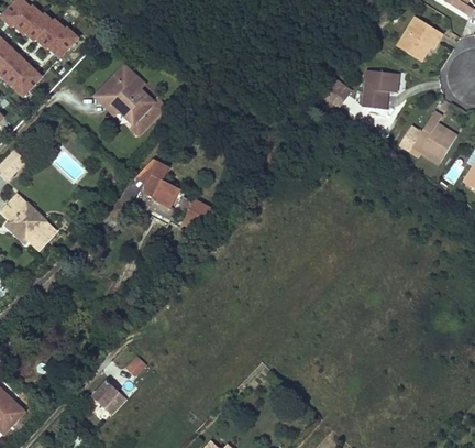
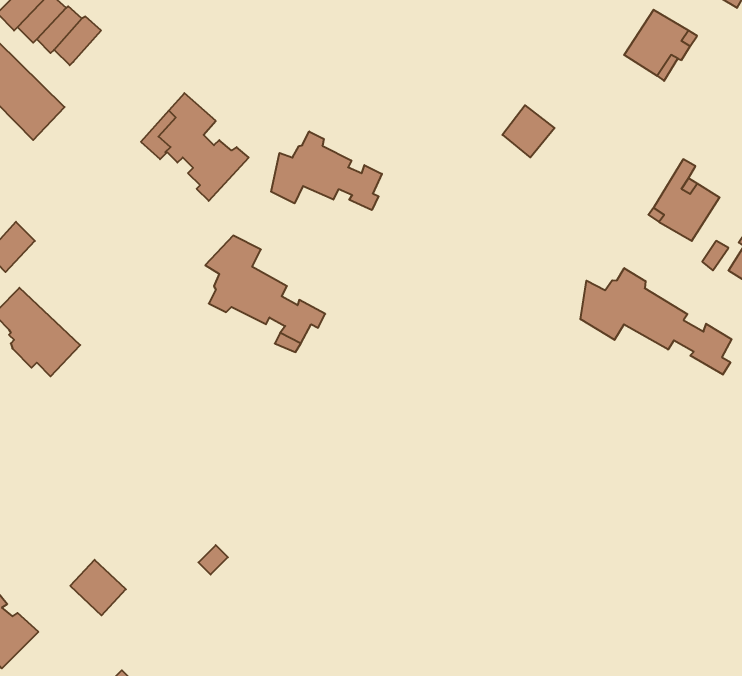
building: [48,26,80,59] -> none
building: [363,68,399,108] -> none
building: none -> [271,131,382,210]
building: none -> [580,268,732,375]
building: [92,379,128,414] -> [70,560,126,615]

